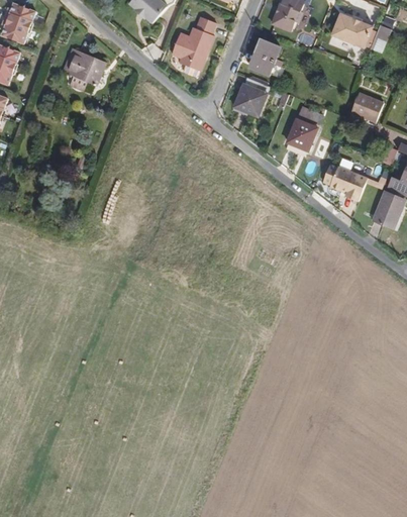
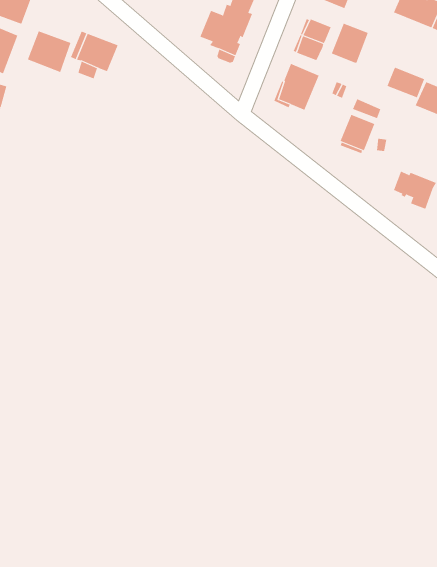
building: none -> [331,23,369,63]
building: none -> [27,31,71,73]
building: none -> [387,66,425,98]

